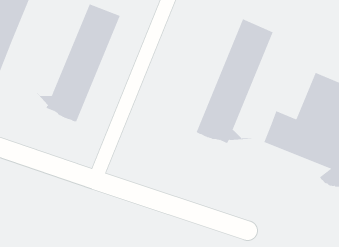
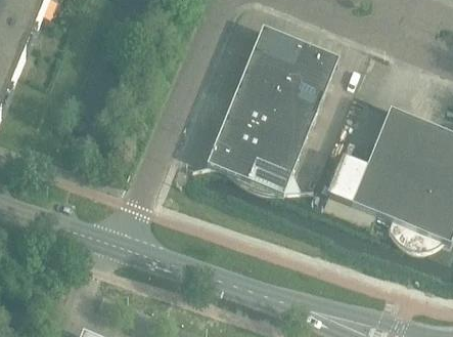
building: [32,3,120,122] -> none
building: none -> [192,25,301,179]

